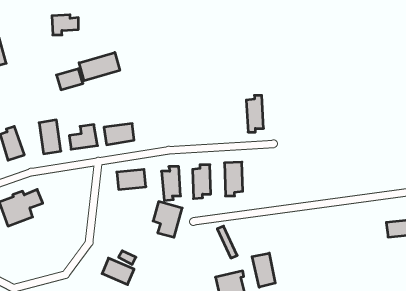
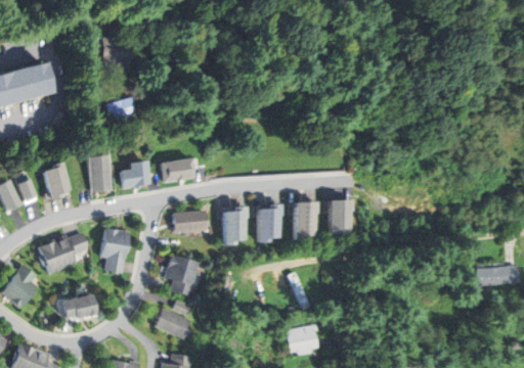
building: [79,52,120,81] -> none
building: [246,95,264,132] -> [330,200,349,241]
building: none -> [103,228,131,272]
building: [153,202,182,237] -> [169,256,202,295]
building: none -> [62,294,98,319]
building: [252,253,275,287] -> none

